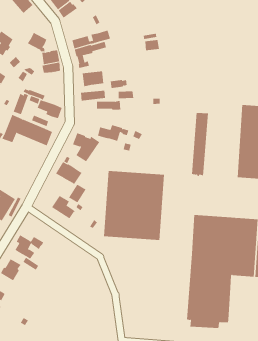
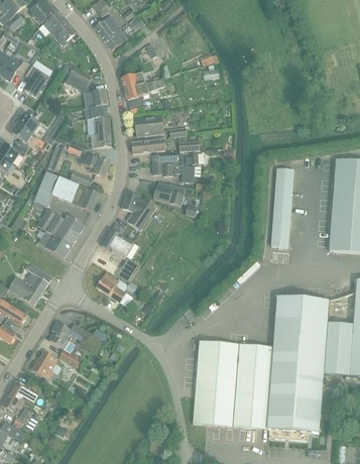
building: none -> [87,117,111,146]
building: none -> [152,163,201,182]
building: none -> [37,209,84,257]
building: [103,171,165,240] -> [194,340,271,428]

